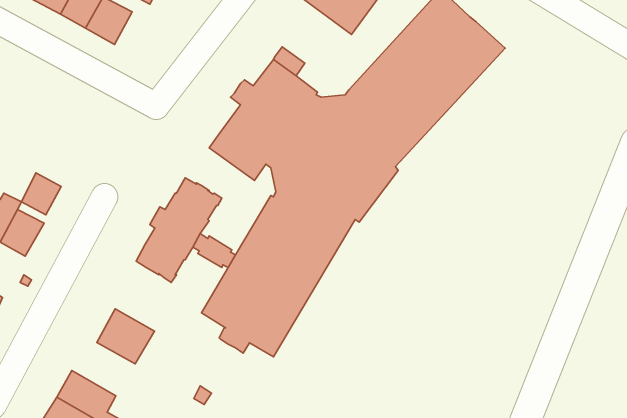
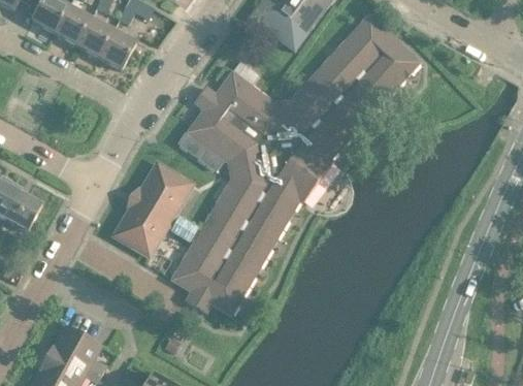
building: none -> [101,31,136,69]
building: [21,173,61,215] -> none
building: [97,309,154,364] -> none

